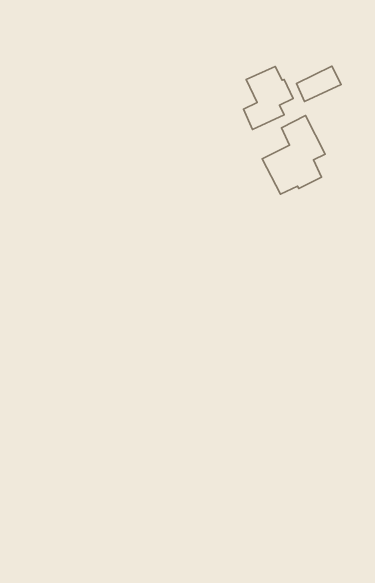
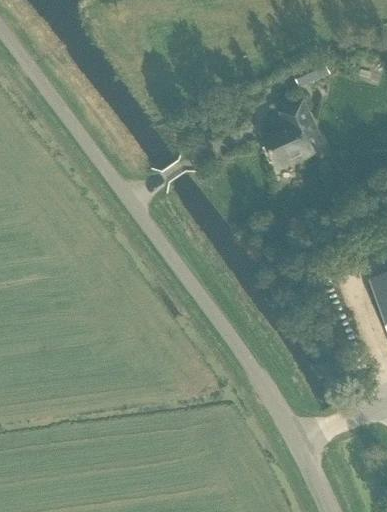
building: [244,66,293,129] -> none

